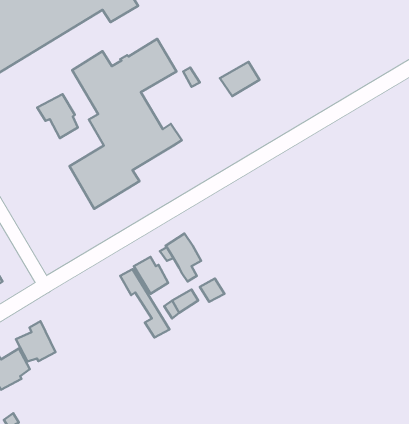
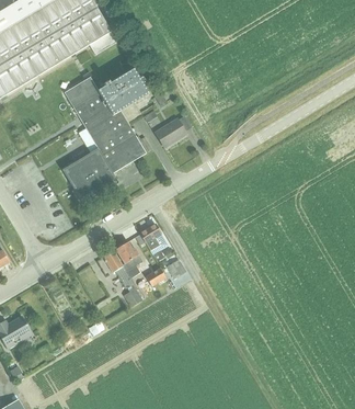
building: [220,62,259,96] -> [154,120,186,147]
building: [37,94,78,138] -> none
building: [16,321,56,361] -> none

